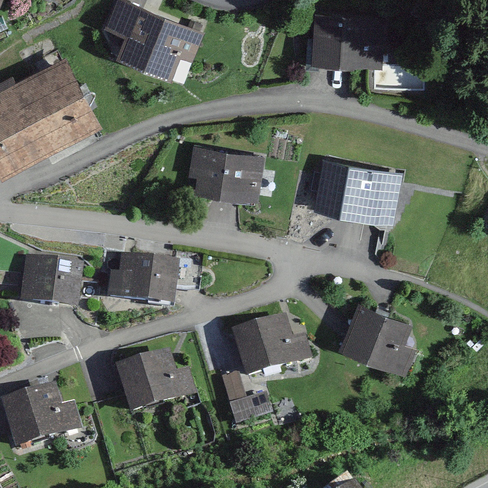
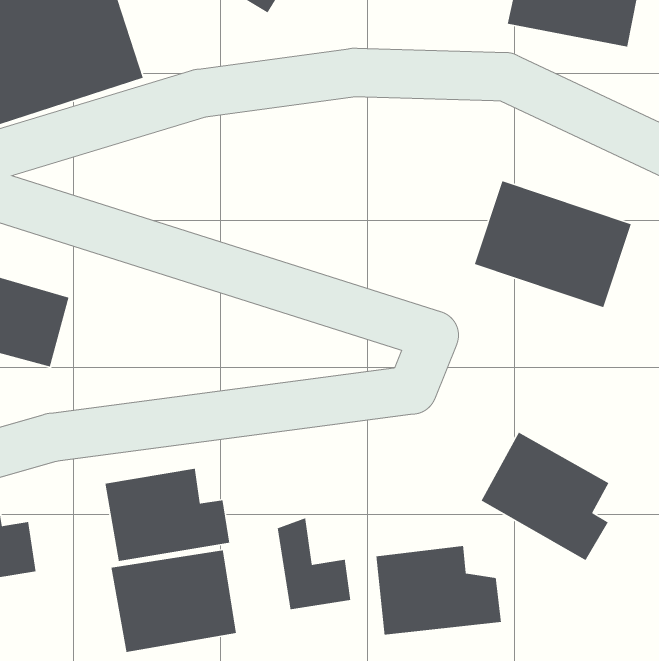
building: [186,144,264,201] -> none
building: [105,252,181,305] -> none
building: [234,320,314,380] -> [375,545,502,635]
building: none -> [111,549,237,653]

